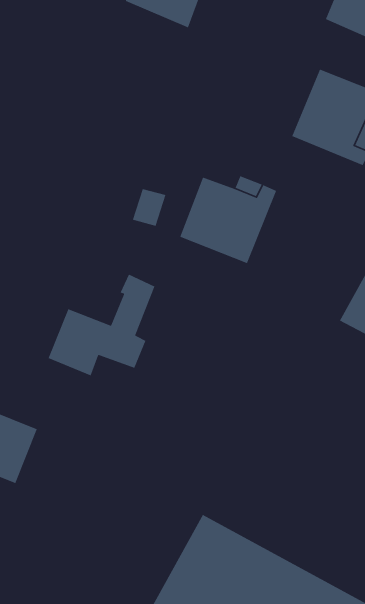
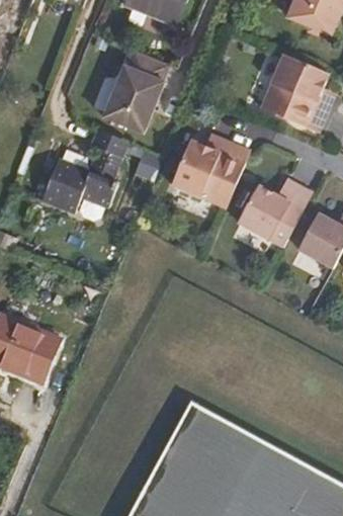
building: none -> [102,50,173,134]
building: none -> [236,180,310,249]
building: [47,273,155,376] -> [41,131,126,211]

